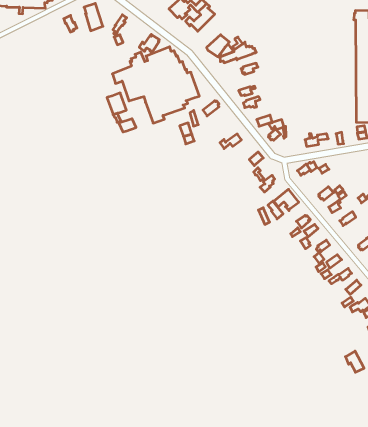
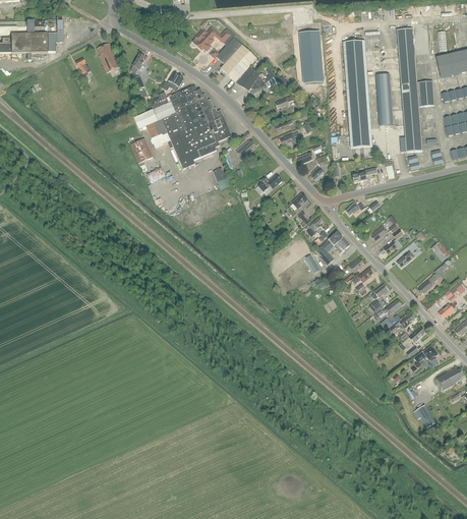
building: none -> [299,31,323,82]
building: none -> [220,44,256,81]
building: none -> [342,39,371,148]
building: none -> [374,73,393,124]

